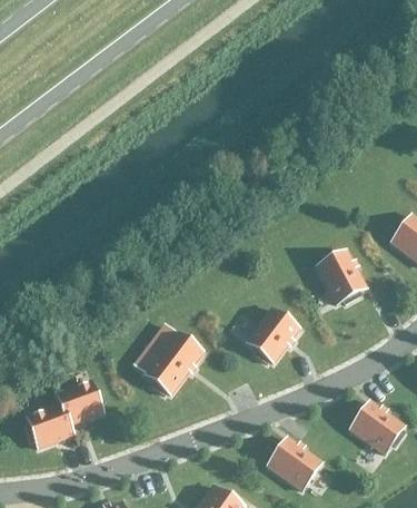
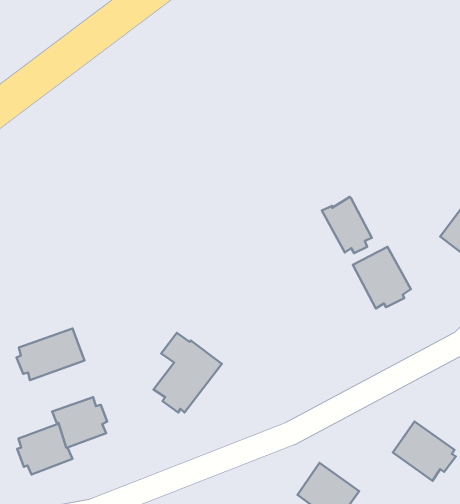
building: none -> [322,197,372,253]
building: [246,307,298,362] -> none
building: none -> [16,329,84,380]

